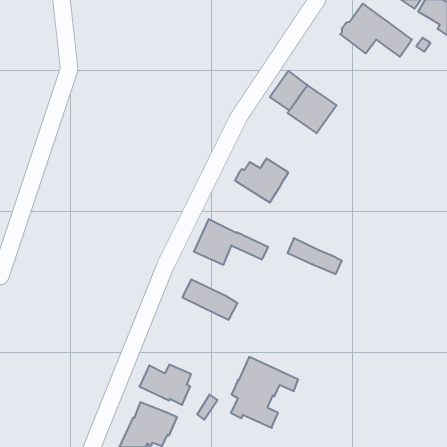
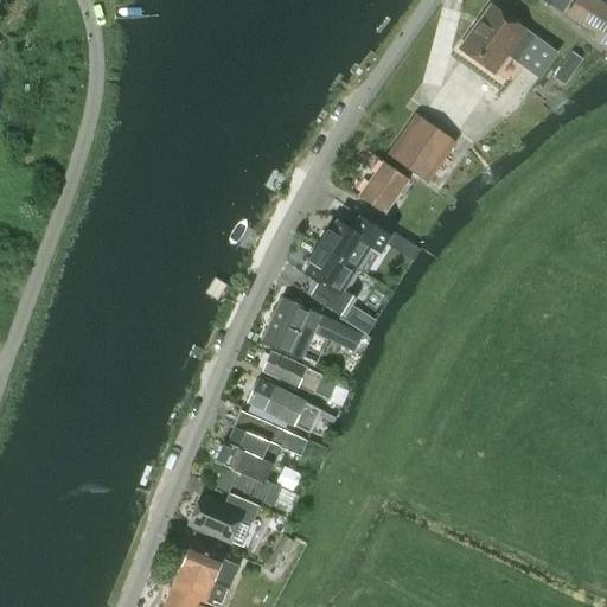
building: [270,71,308,110] -> [359,160,410,213]
building: none -> [305,244,357,314]
building: [288,238,342,274] -> [264,351,338,400]
building: [231,357,298,428] -> [217,410,308,506]

